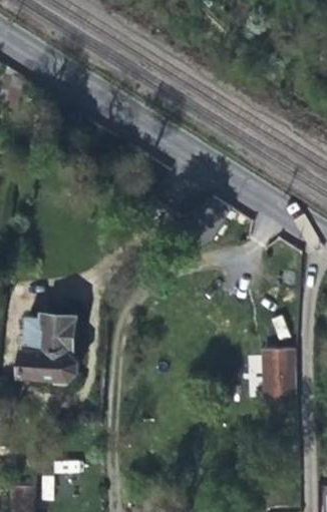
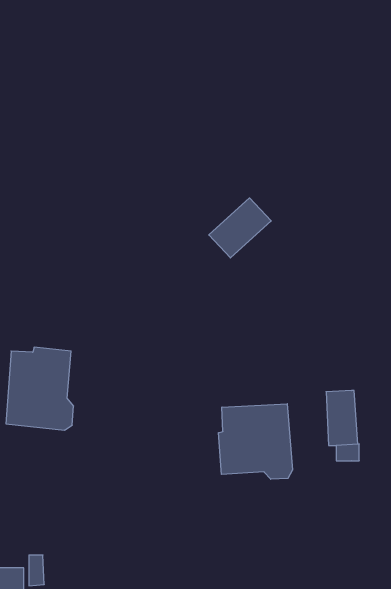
building: none -> [218,404,293,479]

